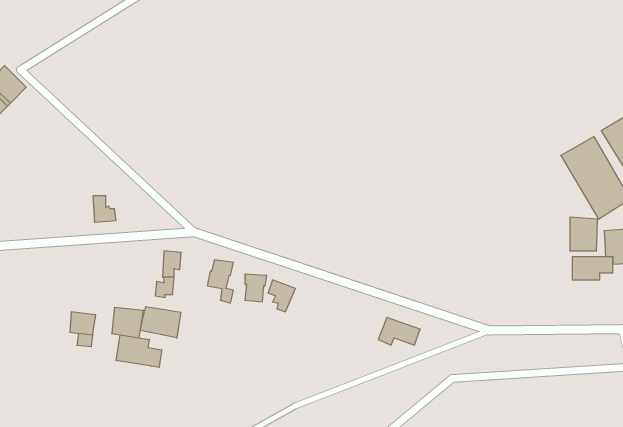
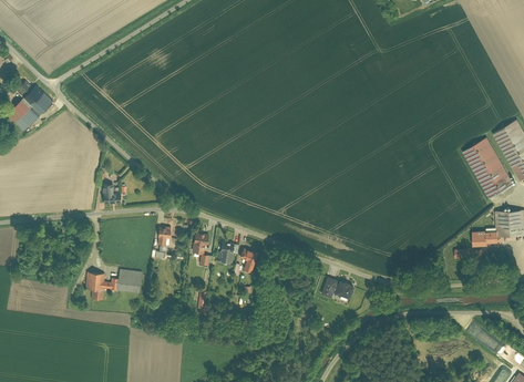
building: [570,217,597,251] -> none
building: [140,307,181,338] -> none
building: [116,335,162,367] -> none

